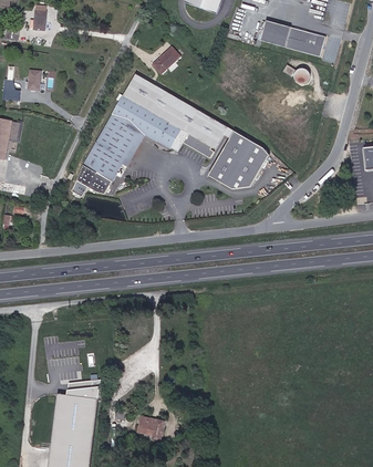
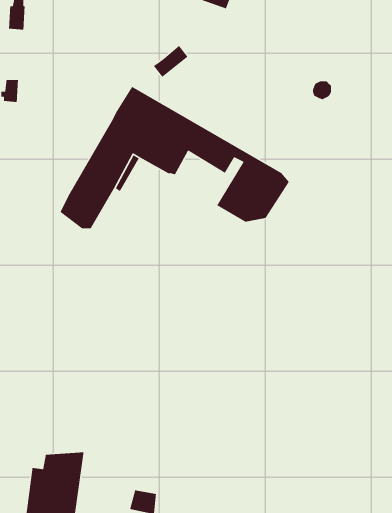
building: [258,21,323,59] -> none

